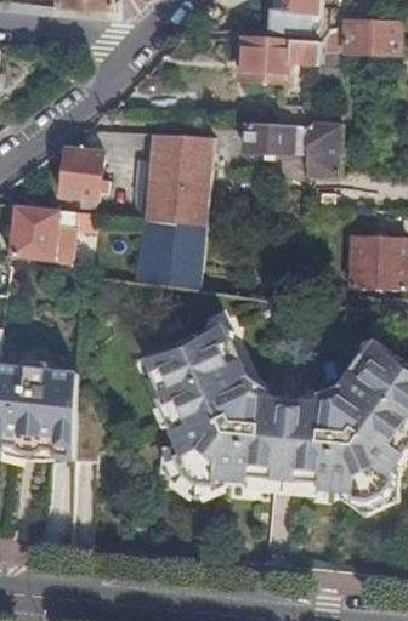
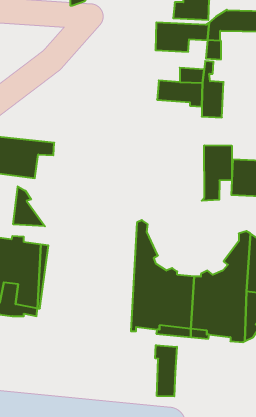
building: [132,132,214,290] -> none
building: [61,146,112,200] -> none
building: none -> [202,145,232,201]
building: none -> [13,186,45,226]
building: [157,326,215,483] -> none
building: none -> [155,345,177,396]

